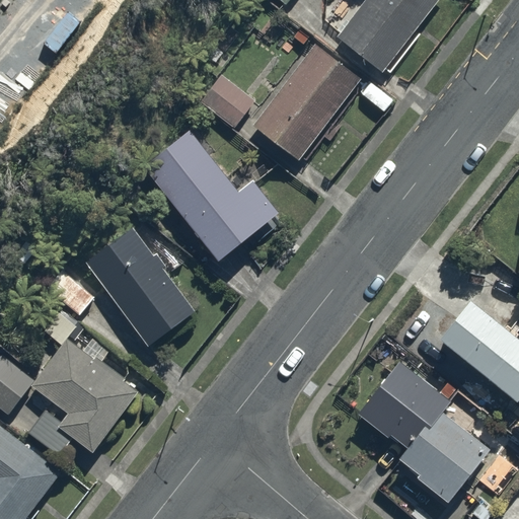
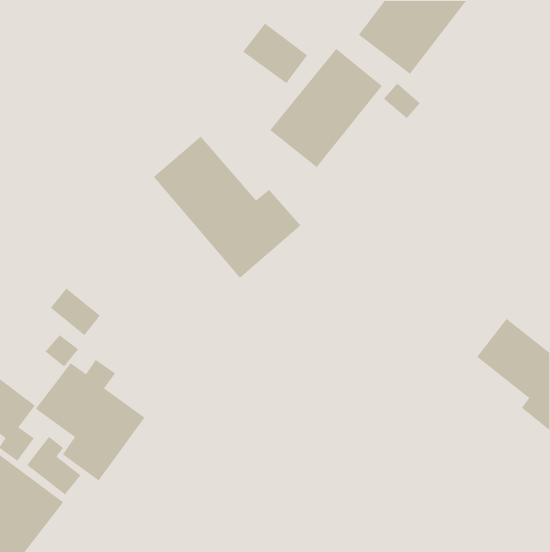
building: [196,74,257,132] -> [242,22,308,84]
building: [84,226,198,348] -> none
building: [358,361,492,501] -> none

